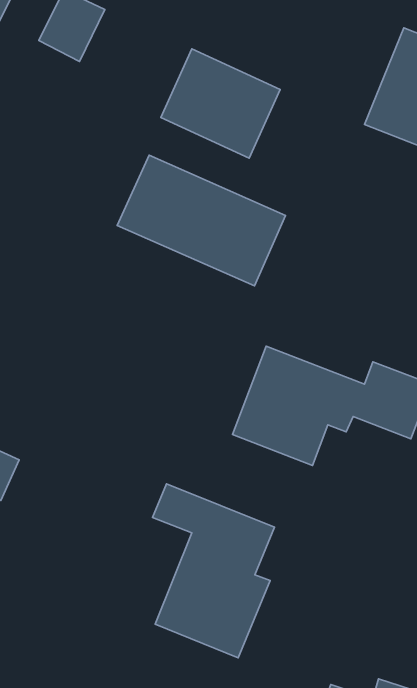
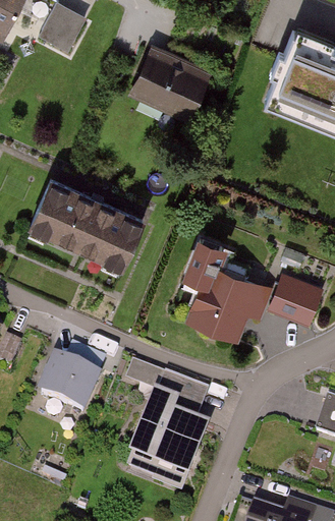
building: [117,155,285,286] -> [29,171,151,266]
building: none -> [36,344,109,416]

